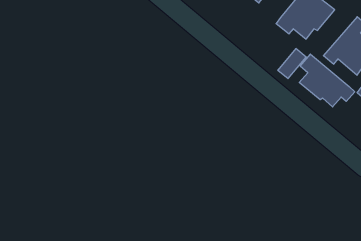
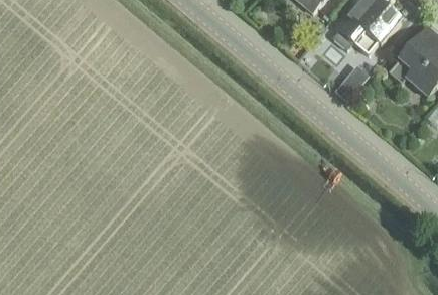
building: [299,54,355,107] -> none

